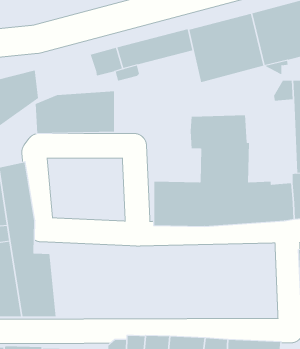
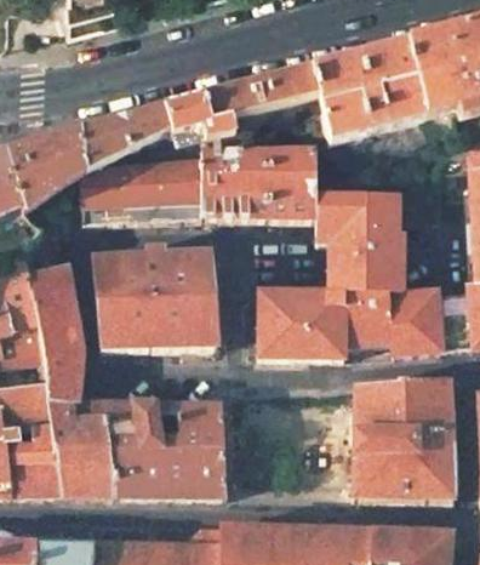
building: none -> [82,101,172,166]
building: none -> [201,147,315,217]
building: none -> [93,253,217,348]
building: none -> [353,381,453,500]
building: none -> [104,400,227,496]

